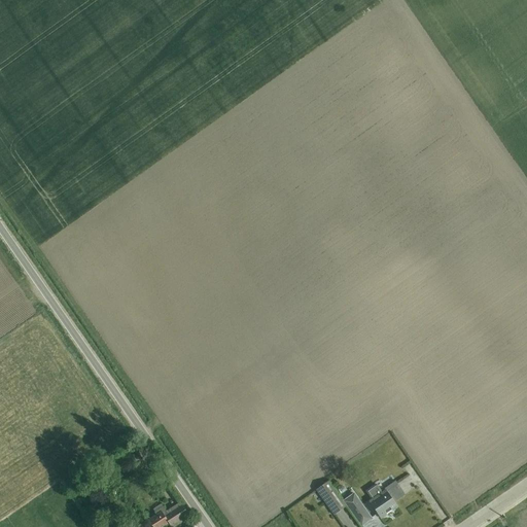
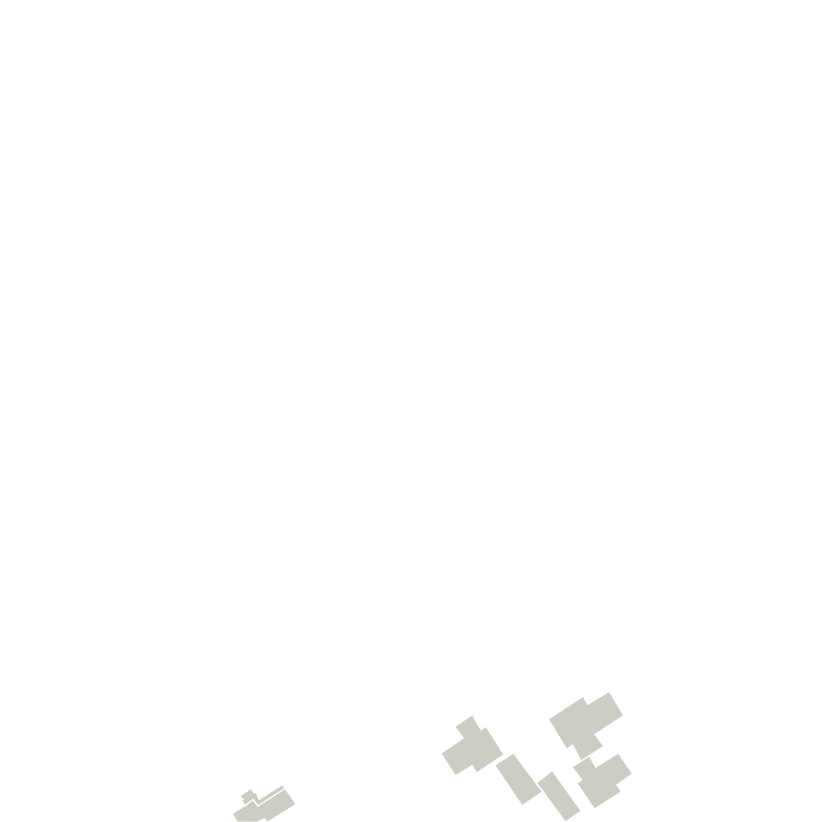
building: none -> [548,691,624,761]
building: none -> [441,715,504,776]

